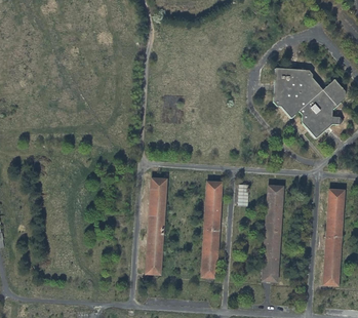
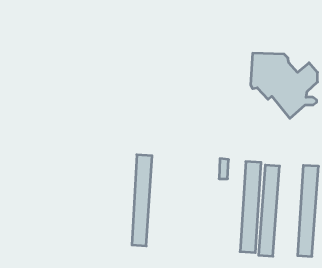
building: [200,181,223,278] -> [259,165,280,256]

